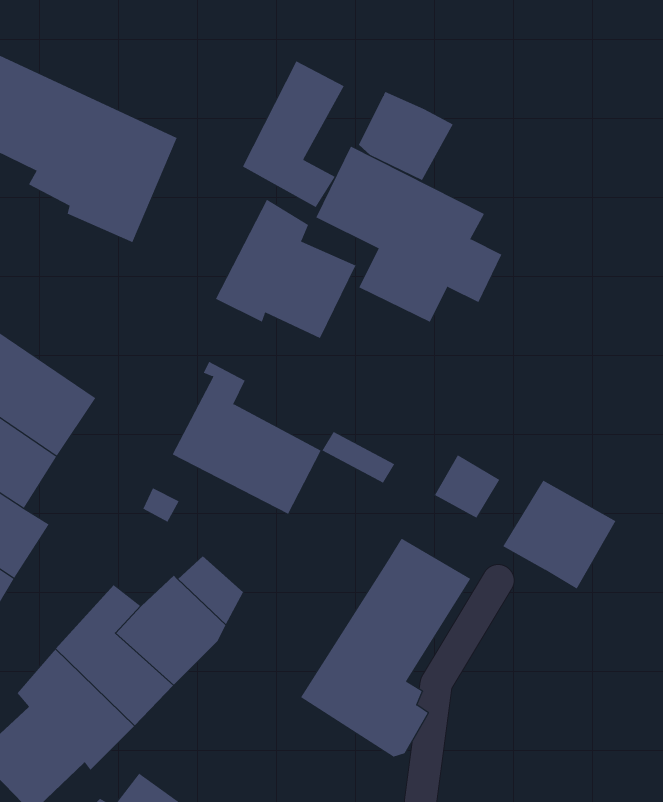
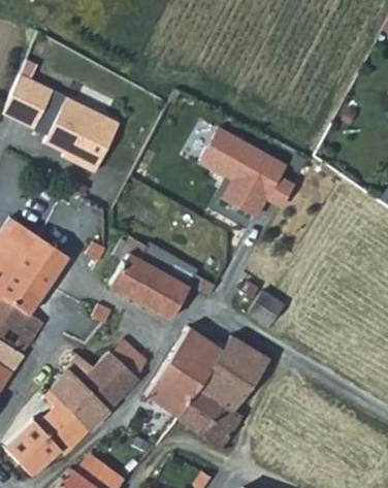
building: [242,60,345,208] -> none
building: [358,91,454,181] -> none
building: [215,199,356,339] -> none
building: [503,480,616,589] -> none
building: none -> [146,323,225,416]

